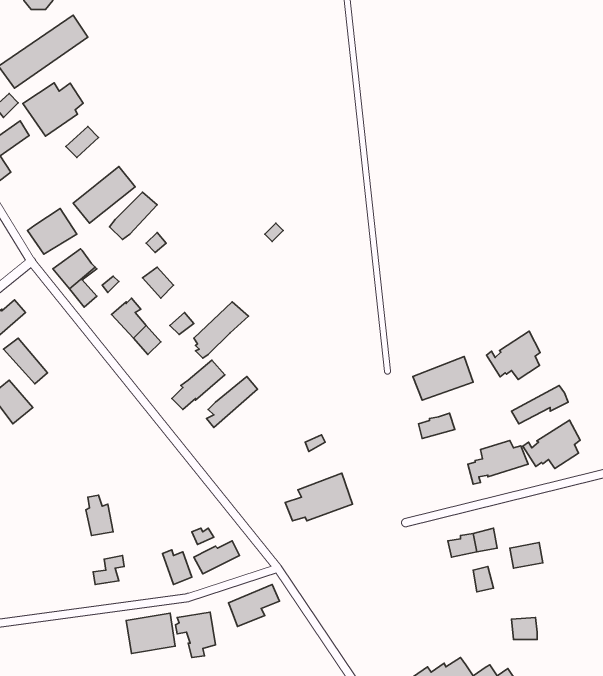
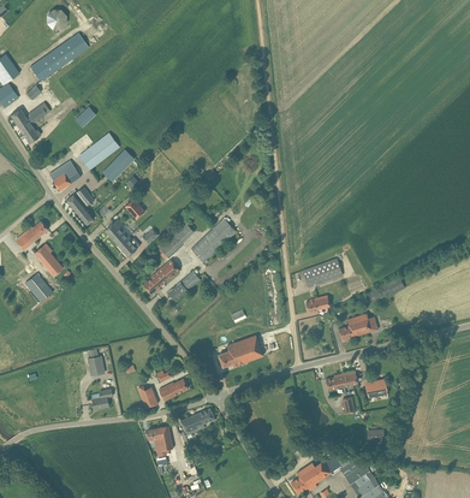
building: [23,83,83,136] -> none
building: none -> [191,218,237,262]
building: [487,331,540,380] -> none
building: [523,420,580,468] -> none
building: [126,613,175,653] -> none

